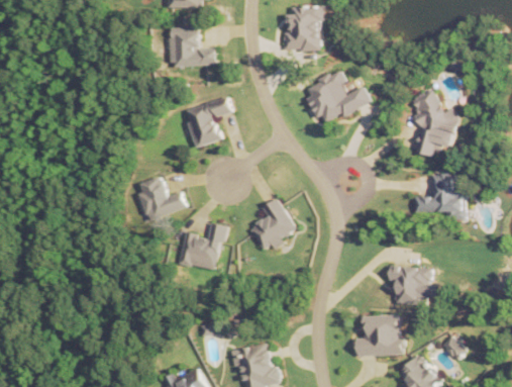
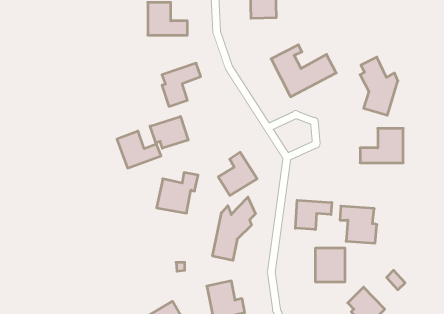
building: none -> [150,116,188,148]
building: none -> [213,197,255,260]
building: none -> [295,200,332,230]

